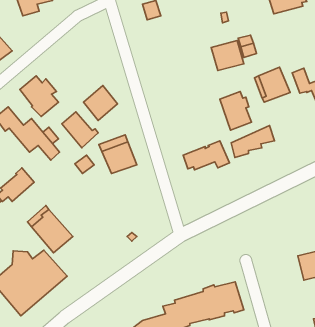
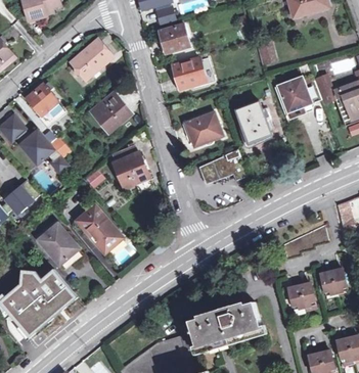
building: none -> [162,26,189,52]
building: none -> [72,39,114,80]
building: [211,41,244,71] -> [172,56,207,88]
building: none -> [185,112,222,144]
building: [62,112,98,148] -> none
building: [231,125,274,157] -> [282,225,328,259]
building: none -> [77,206,123,254]
building: none -> [288,282,315,314]

